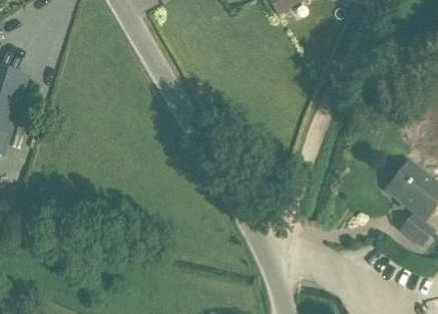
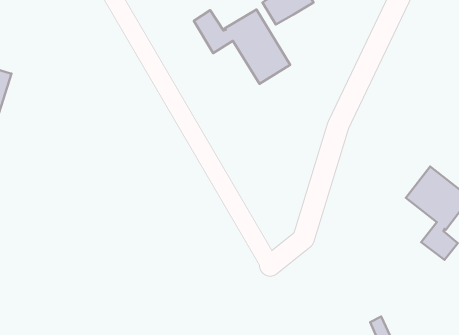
building: none -> [194,10,290,84]

